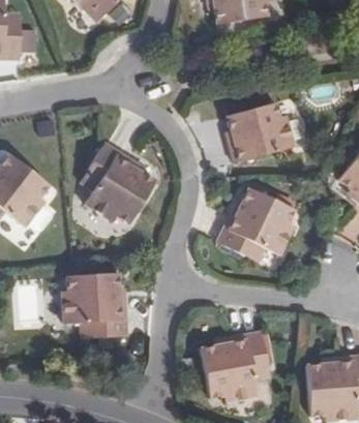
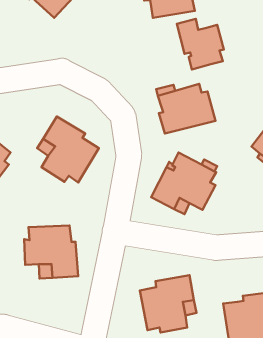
building: none -> [177,19,224,69]

